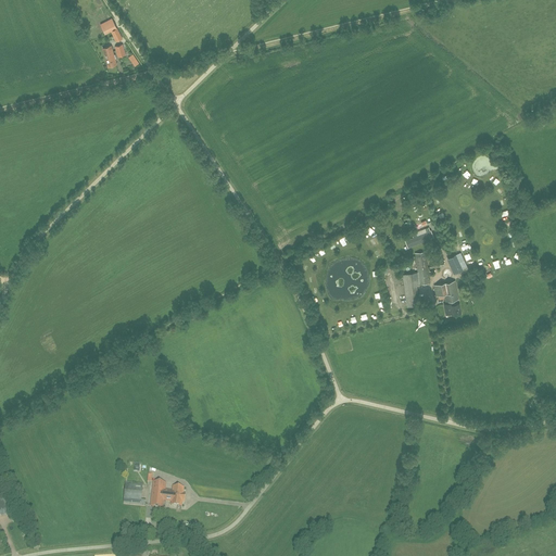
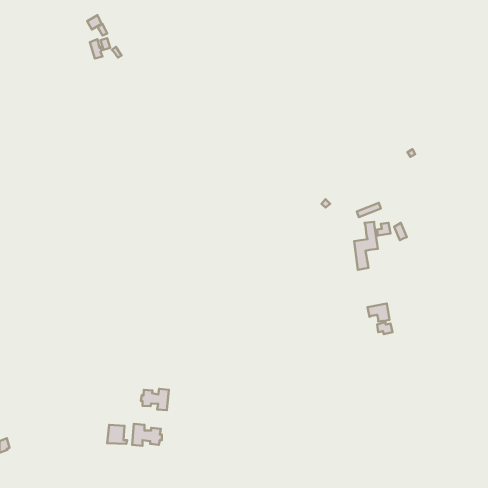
building: [432,280,460,315] -> [368,303,392,334]
building: none -> [141,389,169,410]

